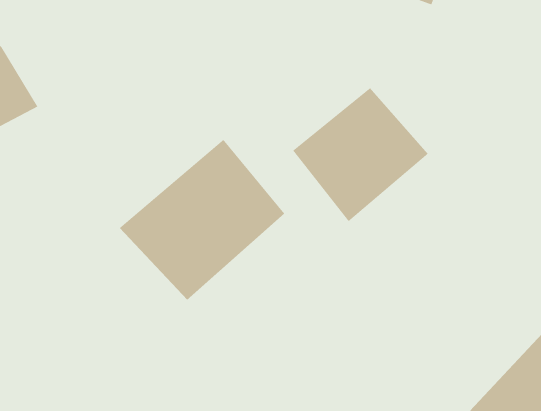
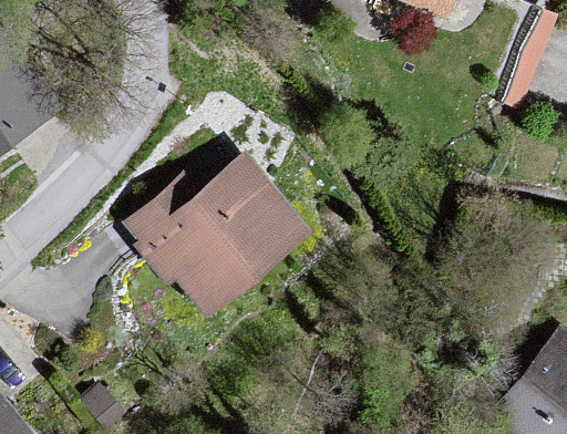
building: [292,87,429,222] -> none

